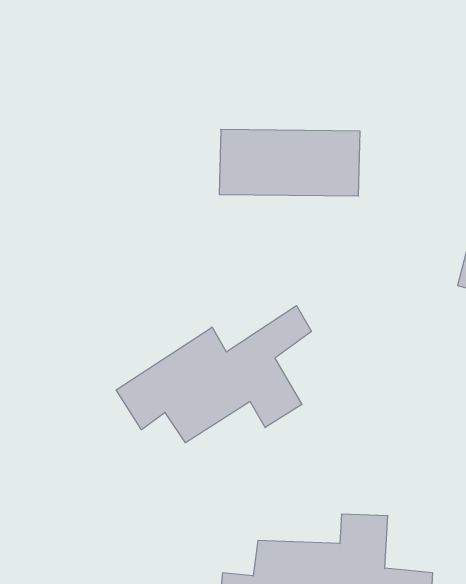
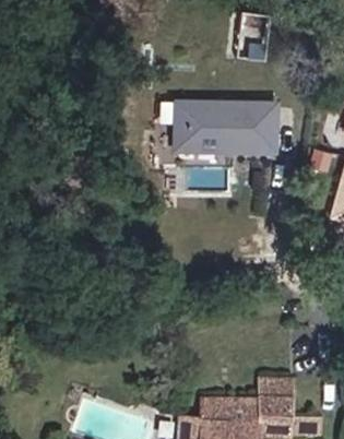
building: [116,306,311,443] -> none

